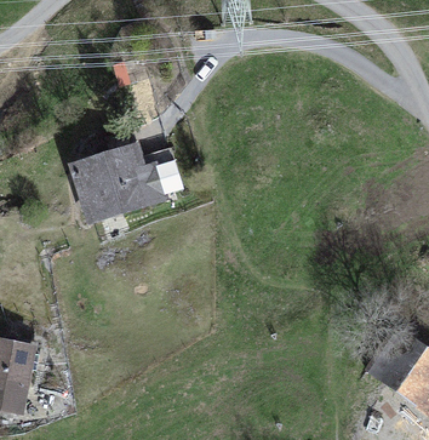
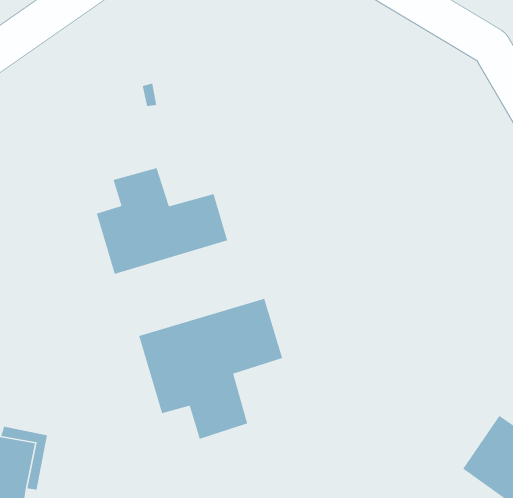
building: none -> [138,298,283,440]

